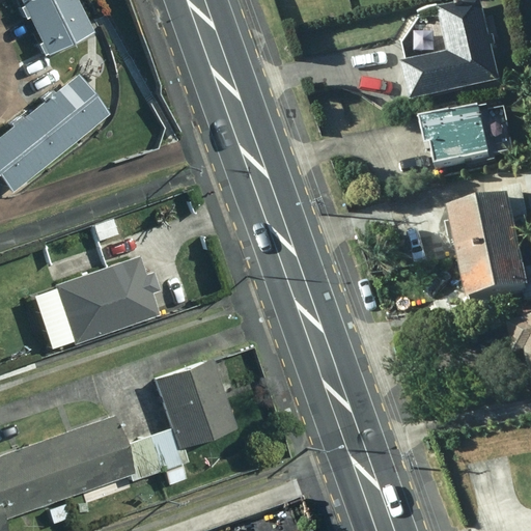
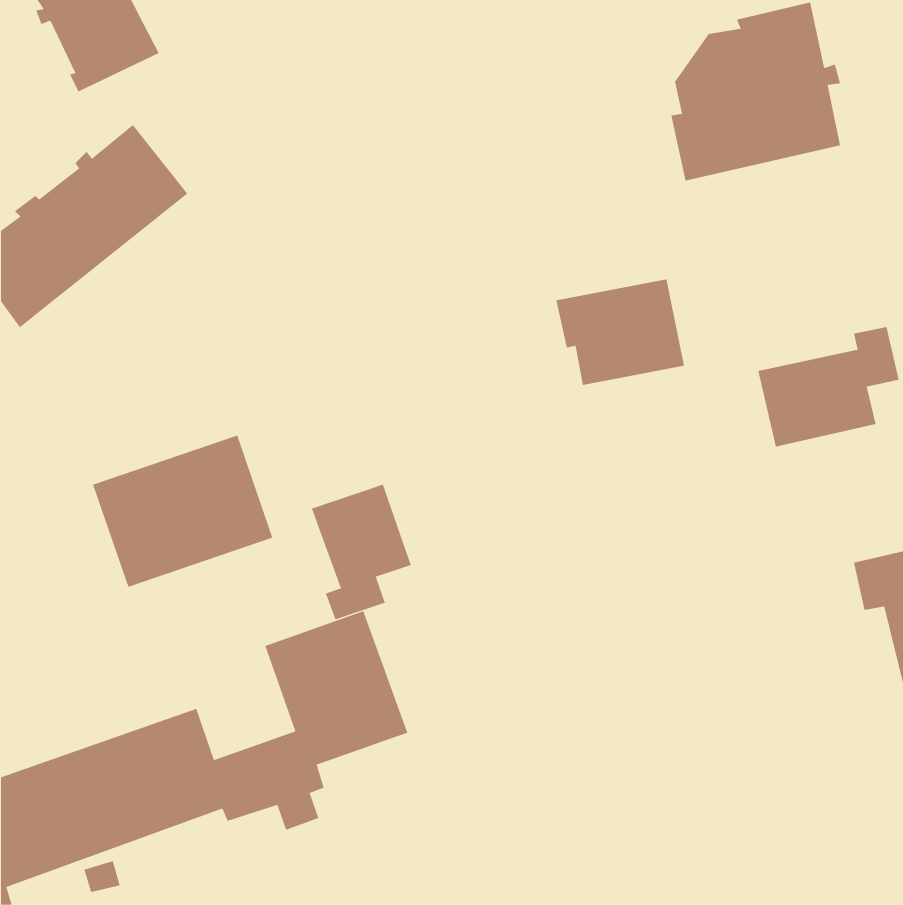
building: [411,110,486,172] -> [555,279,685,385]
building: [455,248,525,306] -> none
building: none -> [311,484,412,620]

